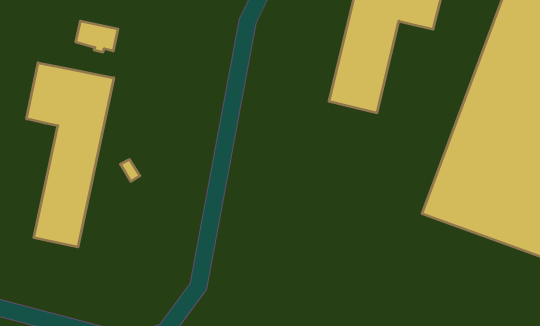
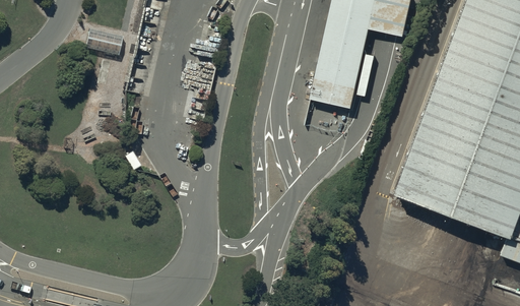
building: [27,63,114,247] -> none

